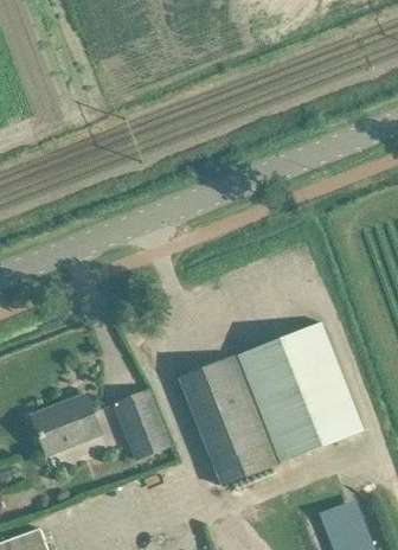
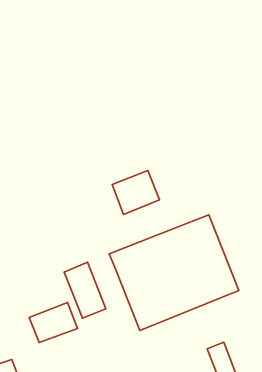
building: none -> [112,170,159,214]
building: [31,396,100,453] -> [29,303,78,342]

